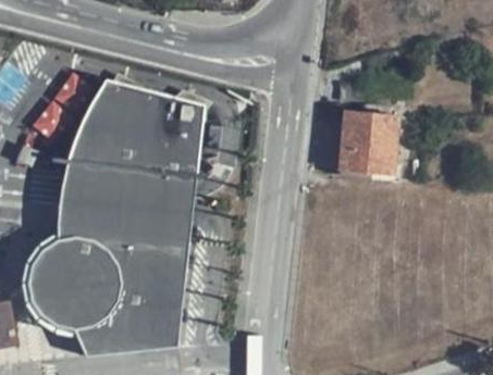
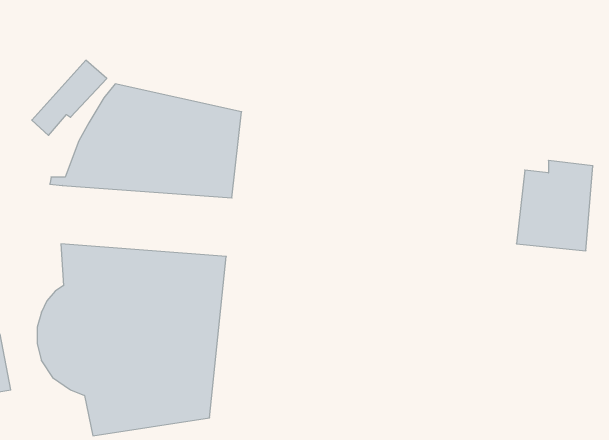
building: [340,100,399,171] -> [516,160,593,251]
building: [60,167,194,223] -> none

